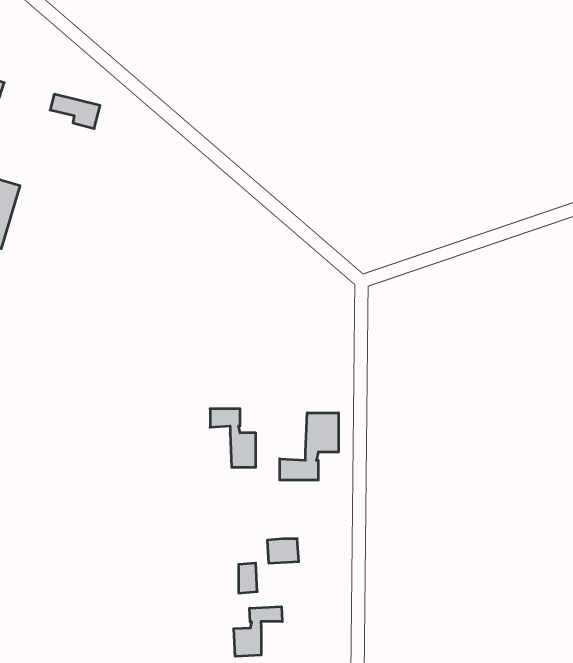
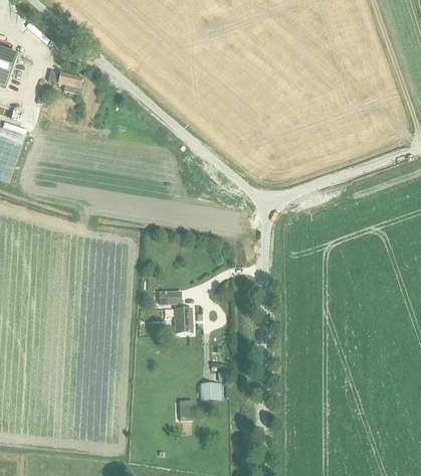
building: [280,413,338,480] -> none
building: [234,607,282,656] -> none

